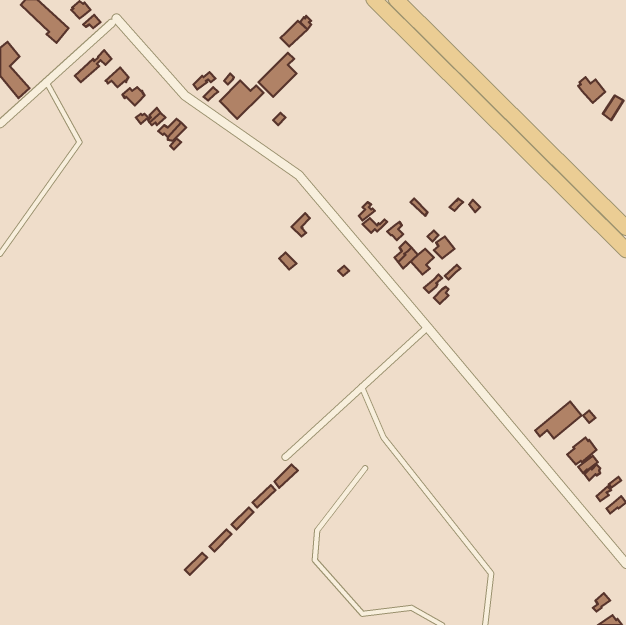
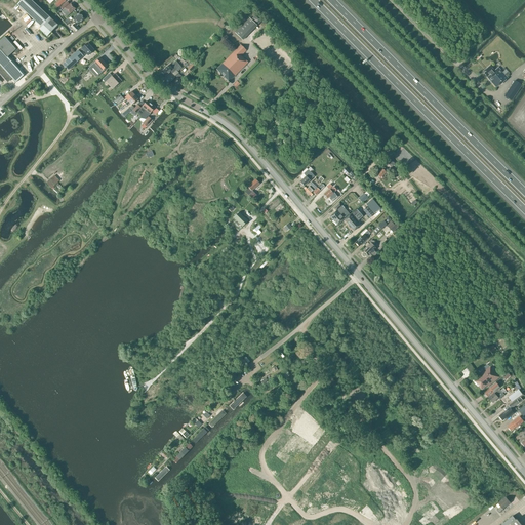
building: [220,81,263,119] -> none
building: [535,401,582,438] -> none

